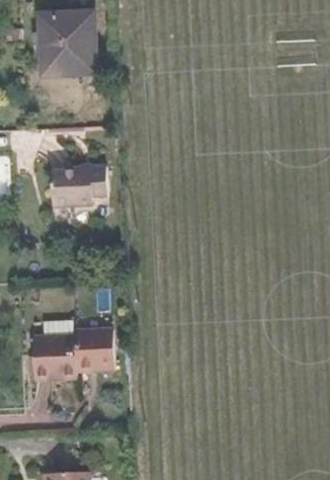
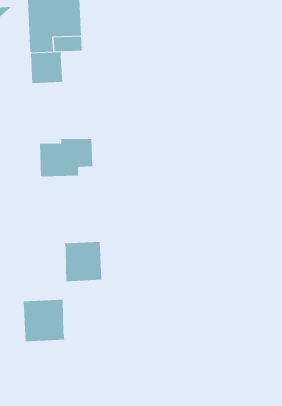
building: none -> [31,51,63,84]
building: [75,328,115,371] -> [64,241,102,282]

